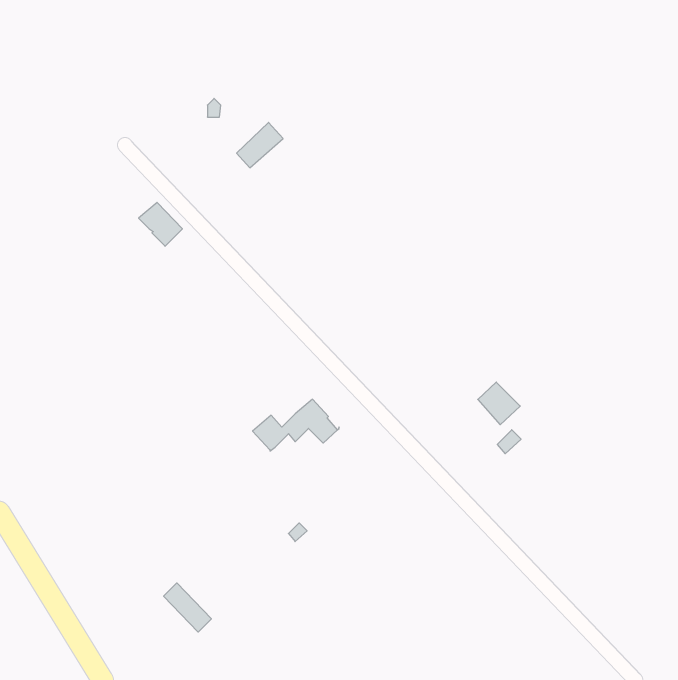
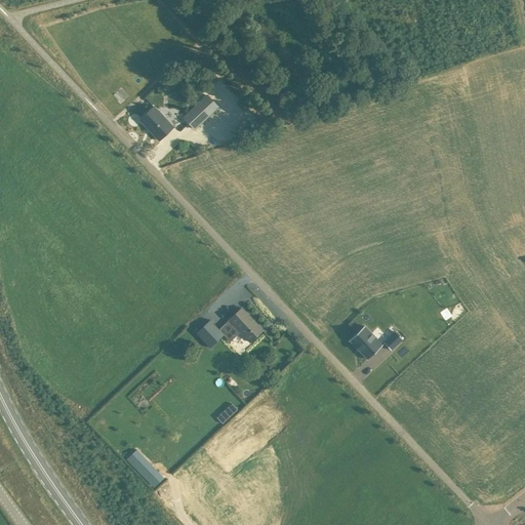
building: [139,202,182,246] -> [138,107,172,140]
building: [478,382,520,425] -> [349,326,381,359]

